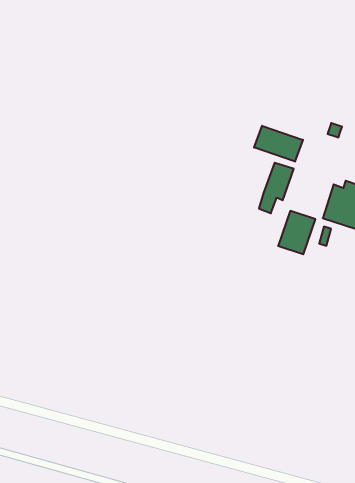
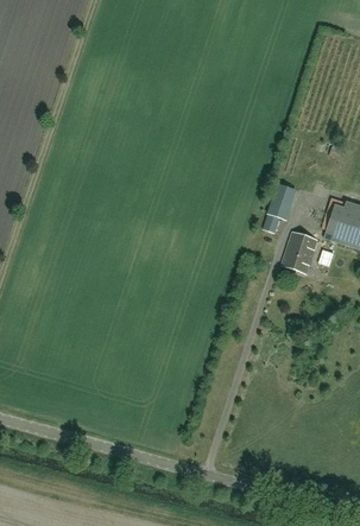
building: [254,126,303,162] -> none

